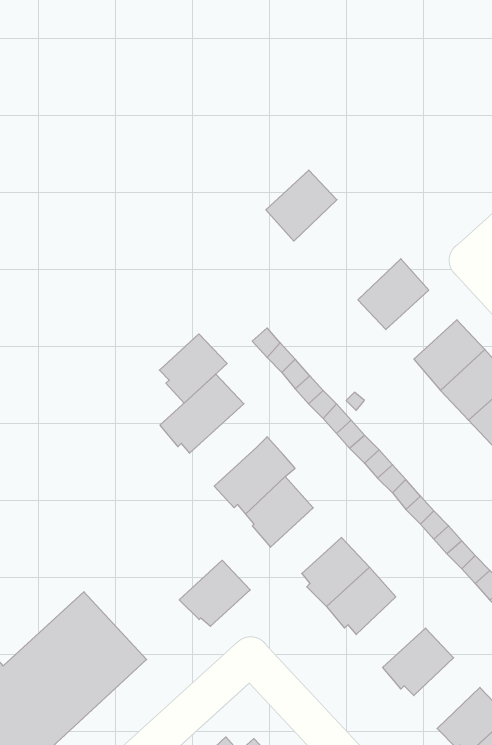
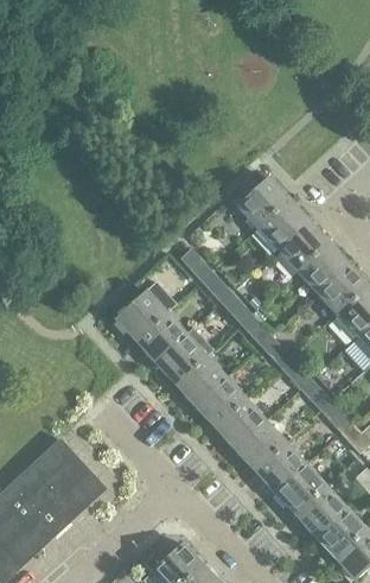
building: [266,170,337,241] -> [237,177,288,228]
building: none -> [278,221,328,271]
building: [159,334,227,403] -> [136,312,185,362]
building: [179,560,250,626] -> [194,378,245,425]
building: none -> [256,442,306,493]
building: none -> [298,486,345,537]

